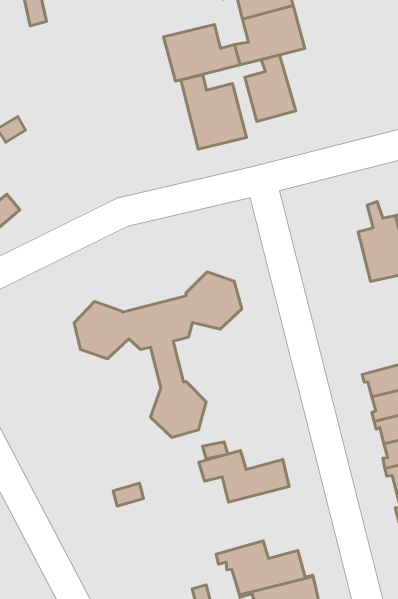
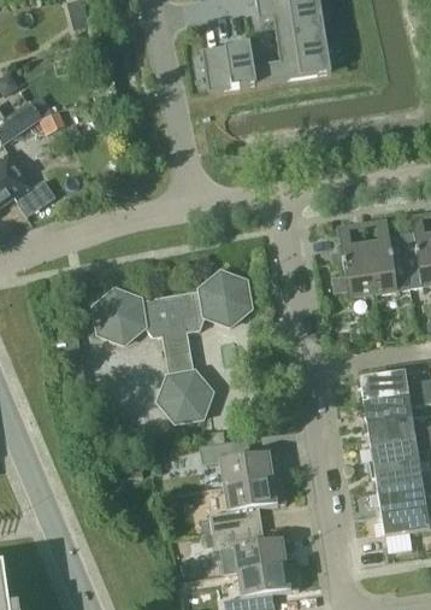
building: [245,55,296,121] -> none
building: [181,75,246,149] -> none
building: none -> [337,227,372,297]
building: none -> [200,476,284,533]

